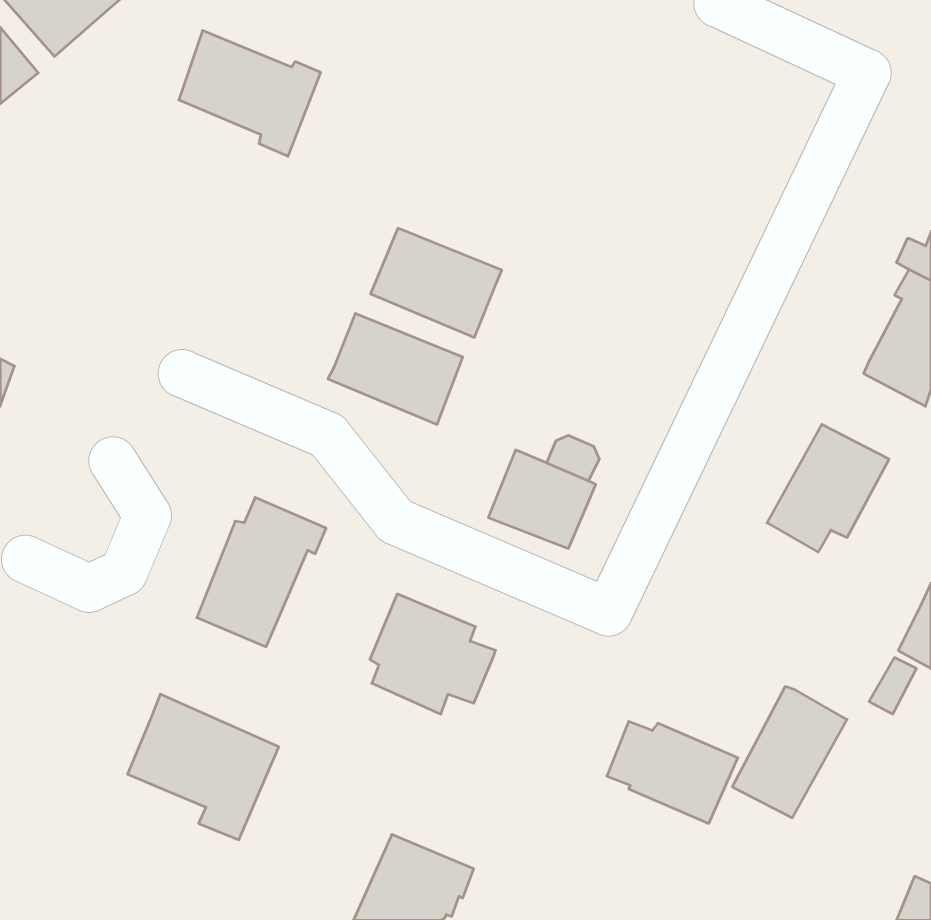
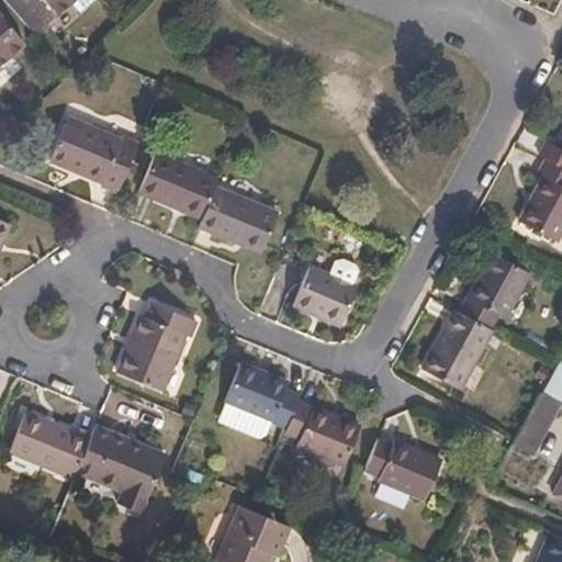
building: [179,31,321,156] -> [52,121,137,196]
building: [371,228,502,338] -> [138,156,217,222]
building: none -> [284,395,361,462]
building: none -> [14,411,90,474]
building: [732,687,847,818] -> [424,313,493,392]

